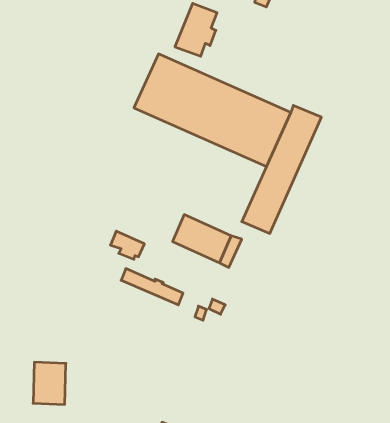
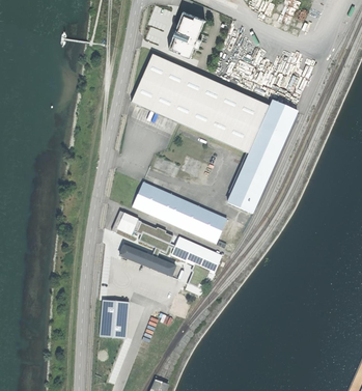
building: none -> [132,181,175,220]
building: none -> [171,236,221,273]
building: [33,362,66,404] -> [99,301,128,338]

